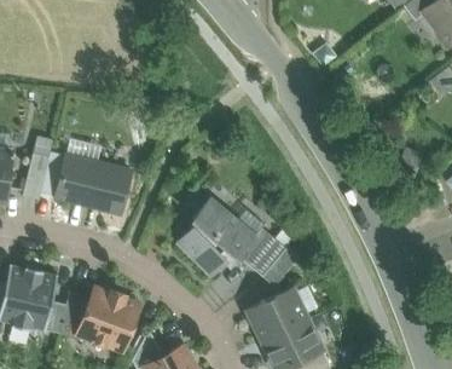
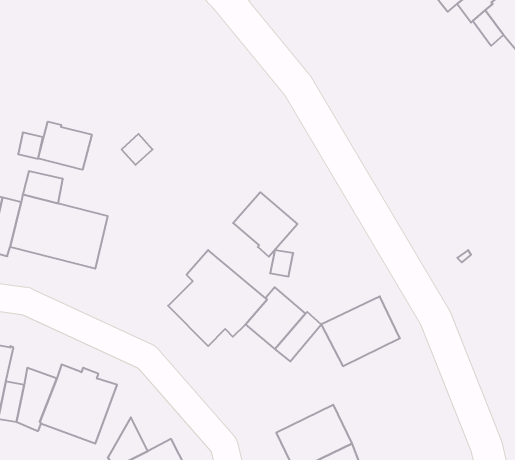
building: none -> [38,122,92,170]
building: none -> [233,192,297,257]
building: [245,287,307,341] -> [321,296,400,366]

